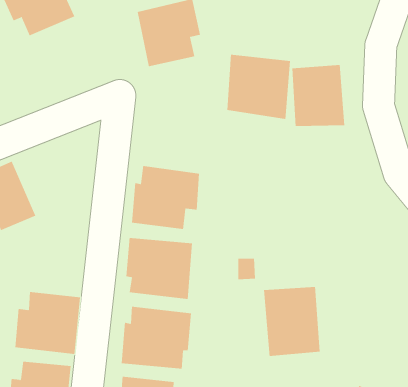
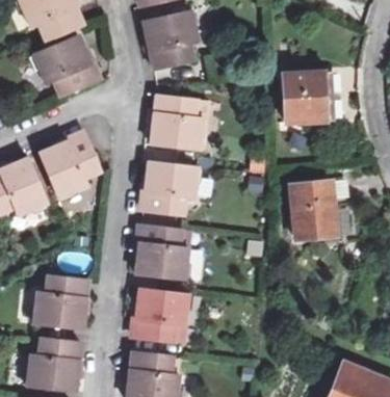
building: none -> [31,31,103,98]
building: [227,54,291,119] -> [150,92,208,152]
building: none -> [38,127,103,200]
building: [263,287,320,356] -> [288,179,340,242]

